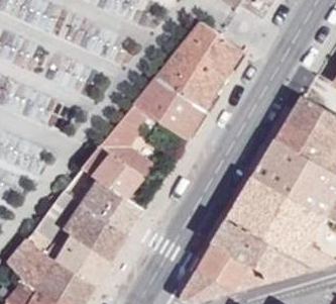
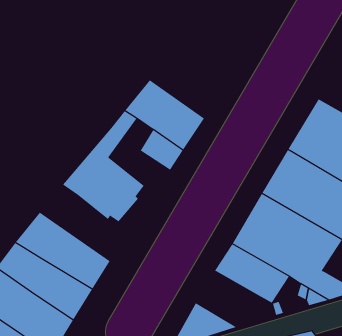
building: [157,23,242,112] -> none
building: [64,169,141,234] -> none
building: [197,242,248,291] -> none

